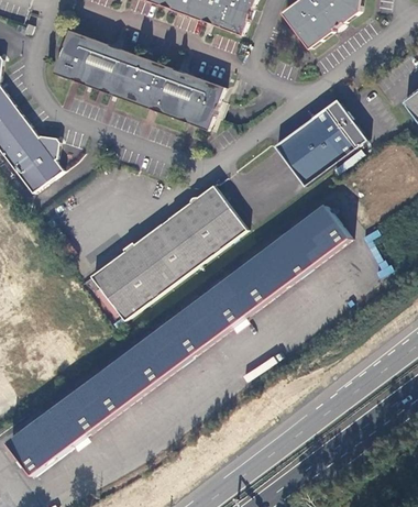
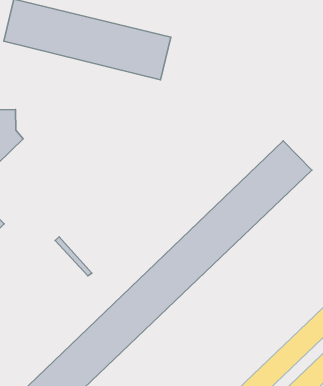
building: [275,98,365,184] -> none
building: [90,184,243,318] -> none

